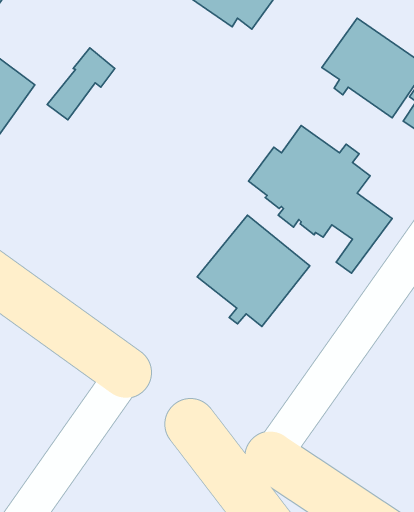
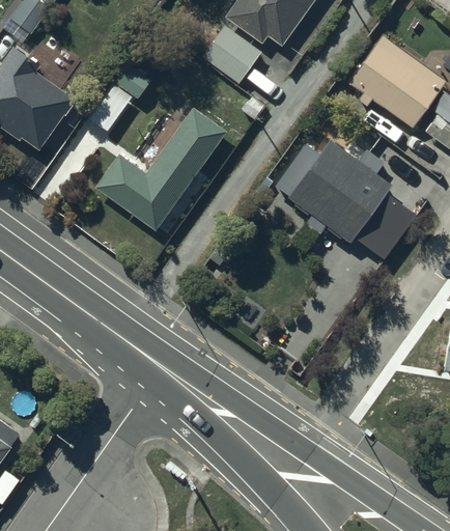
building: none -> [201,25,263,85]
building: none -> [95,109,227,231]
building: [197,215,310,326] -> none

